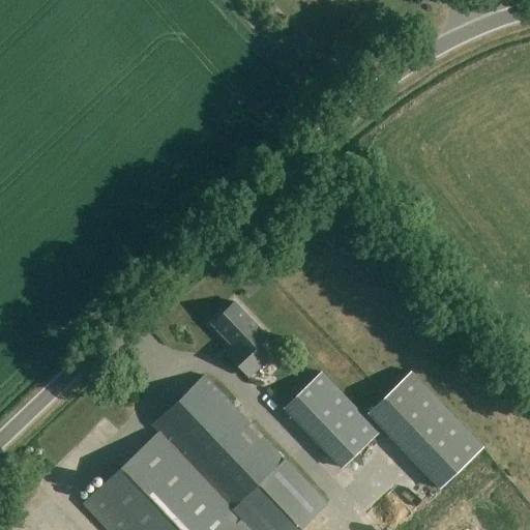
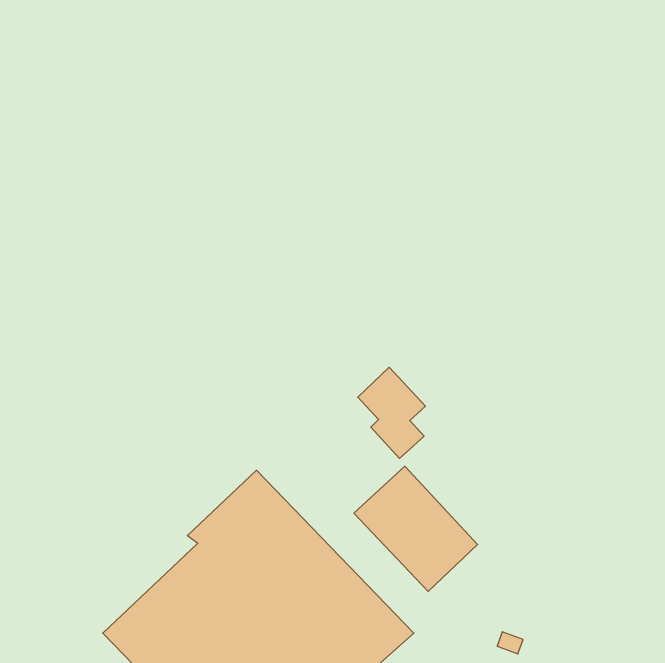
building: [215,307,269,380] -> [358,367,425,458]
building: [370,372,485,485] -> none

